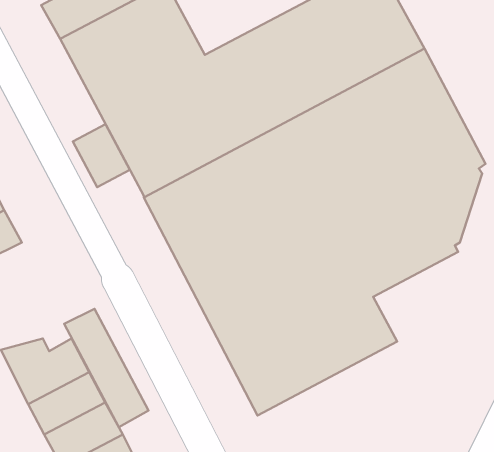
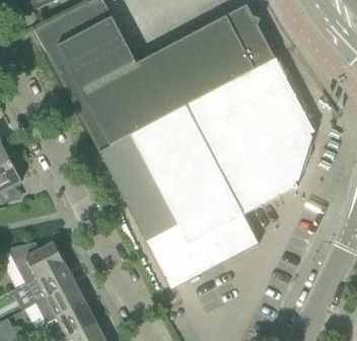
building: [73,124,130,187] -> none
building: [64,309,149,427] -> none

